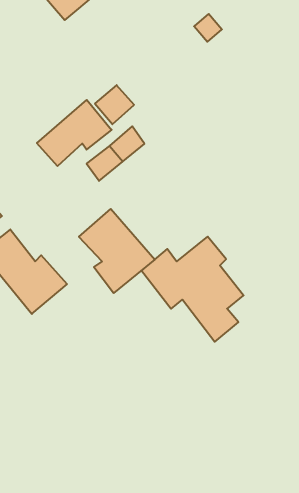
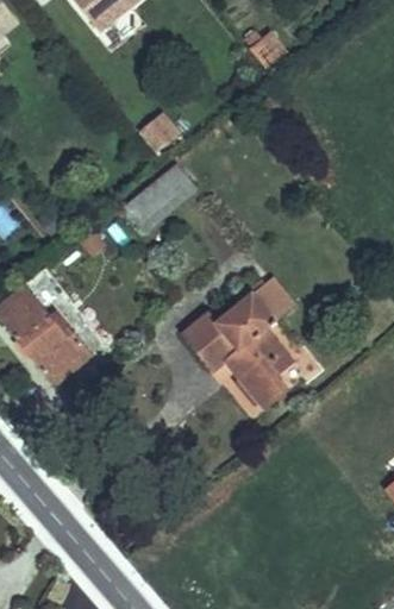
building: [37,100,112,166] -> none
building: [79,209,155,293] -> none

